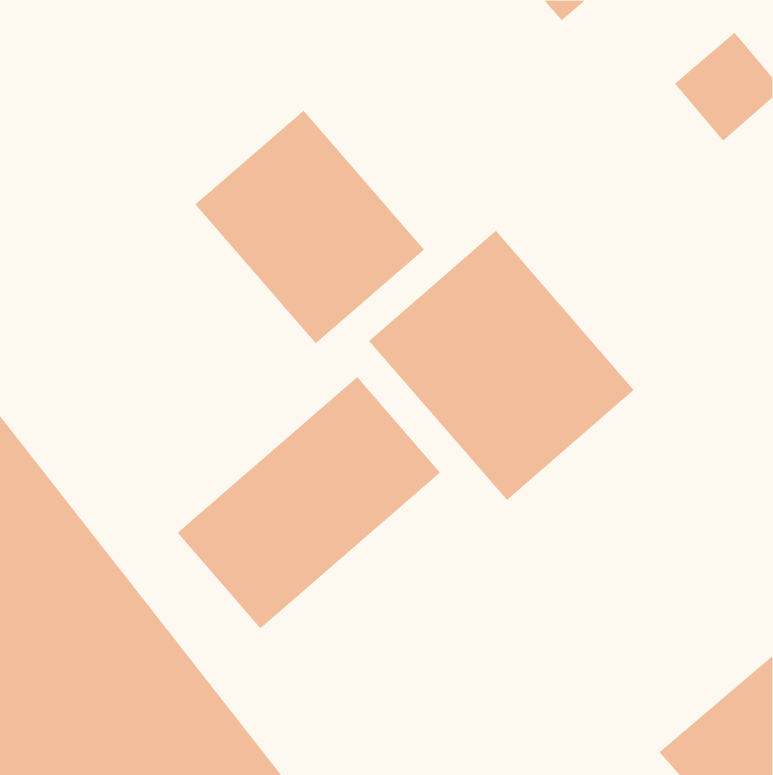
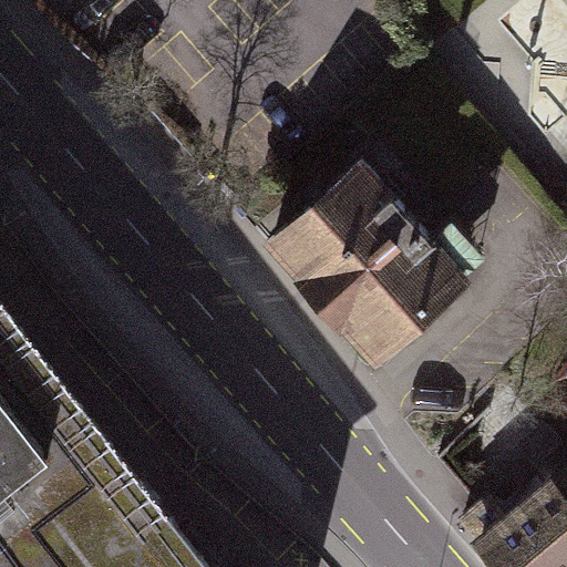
building: [194,110,425,344] -> none
building: [177,376,441,629] -> none

